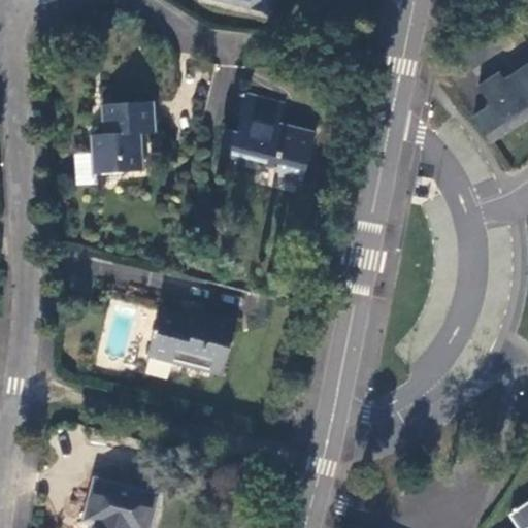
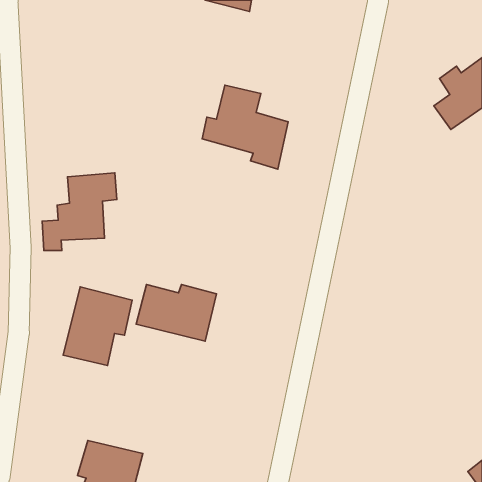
building: [74,101,156,186] -> [42,173,117,250]
building: none -> [63,287,132,365]

